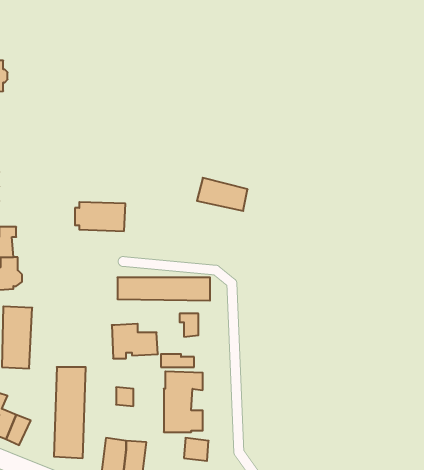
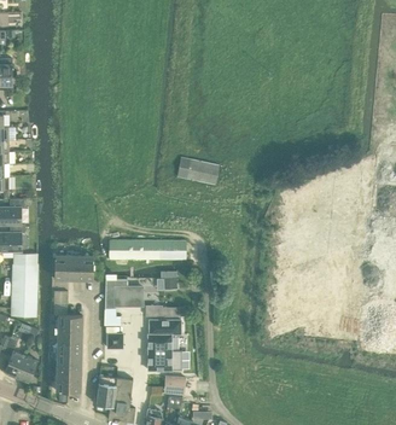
building: [75,202,125,231] -> [52,256,94,280]

